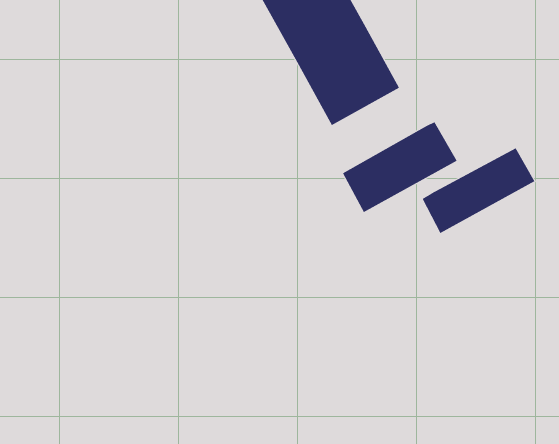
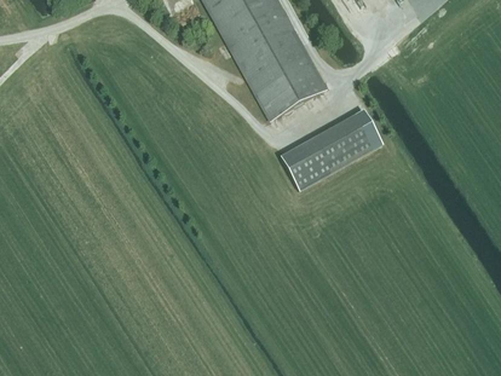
building: [422,148,535,234] -> none

